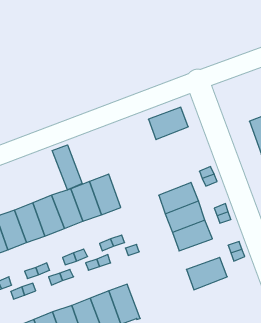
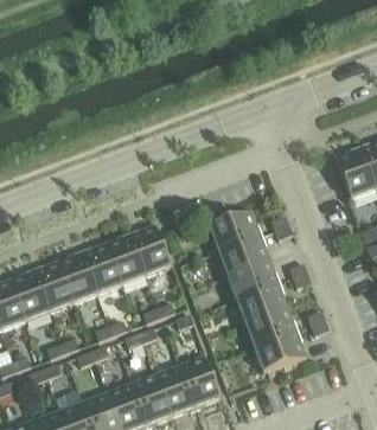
building: [148,107,188,140] -> [209,210,260,251]
building: [52,145,82,190] -> none
building: none -> [244,307,296,346]
building: none -> [178,355,219,409]

